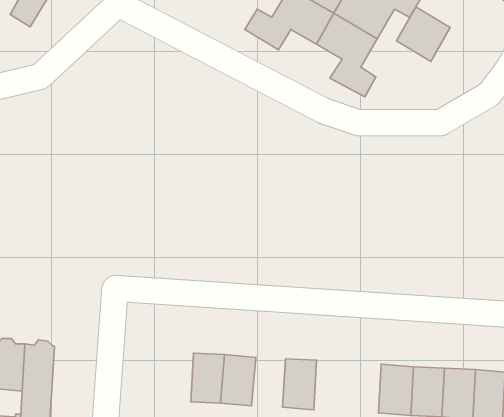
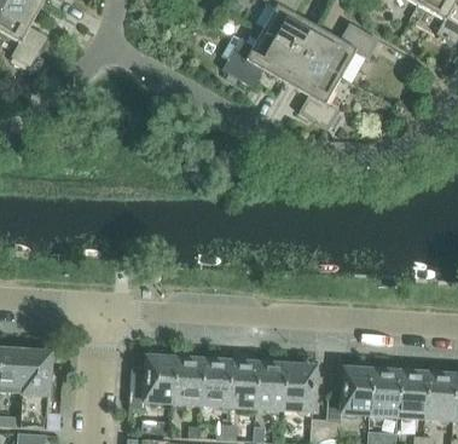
building: [396,7,450,61] -> none
building: none -> [129,356,176,406]
building: none -> [228,362,259,406]
building: none -> [284,364,315,410]

